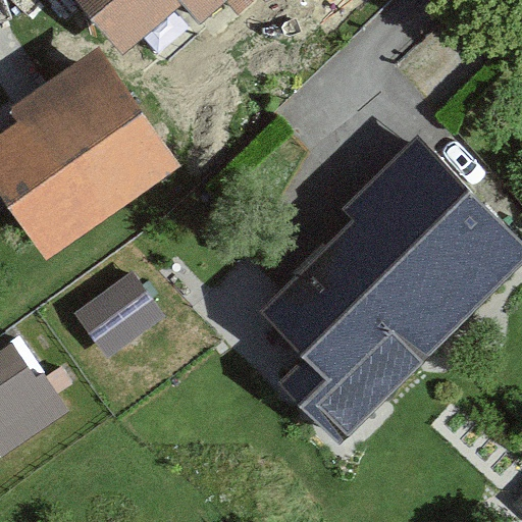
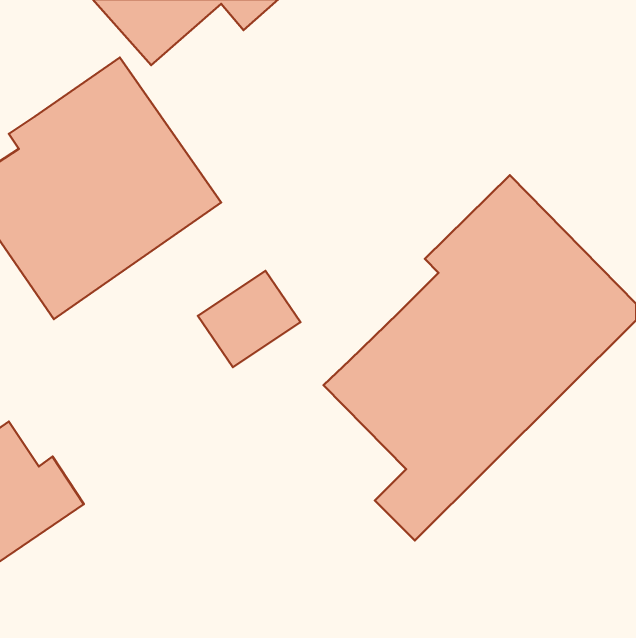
building: [75,275,159,354] -> [198,271,300,367]

